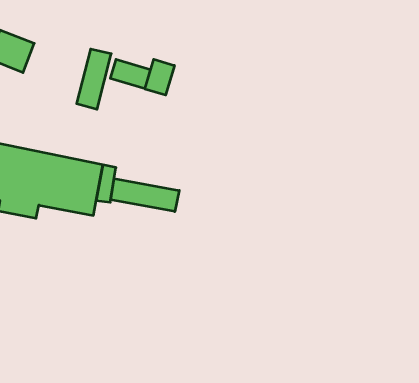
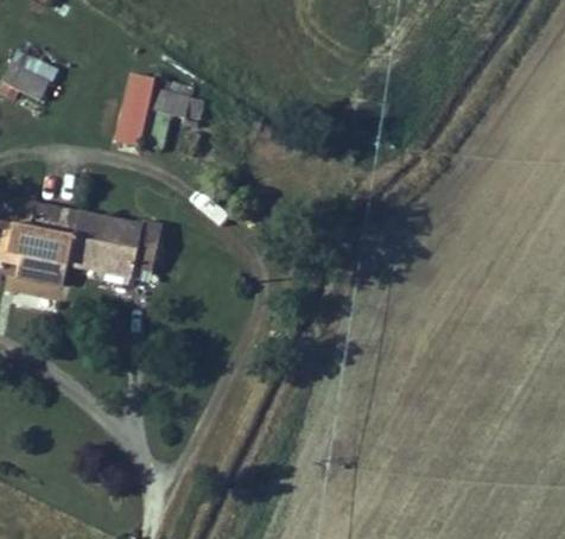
building: [145,59,174,95] -> none
building: [111,178,179,212] -> none

